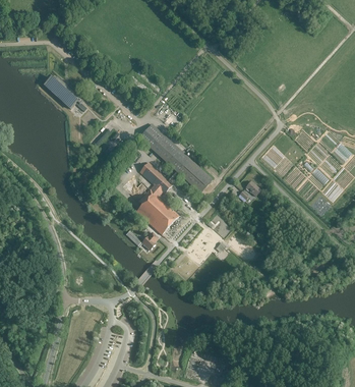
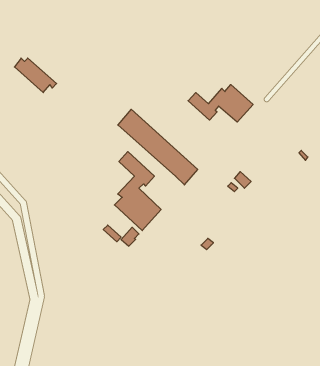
building: none -> [188,85,253,122]

